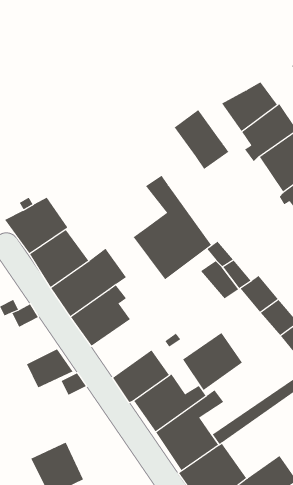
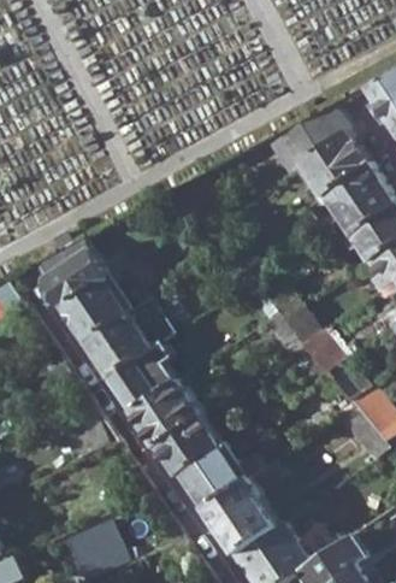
building: [174,109,229,170] -> none
building: [133,175,212,280] -> none
building: [182,332,243,391] -> [131,382,201,449]

